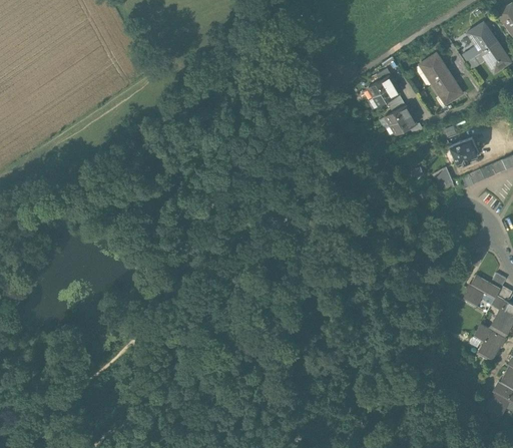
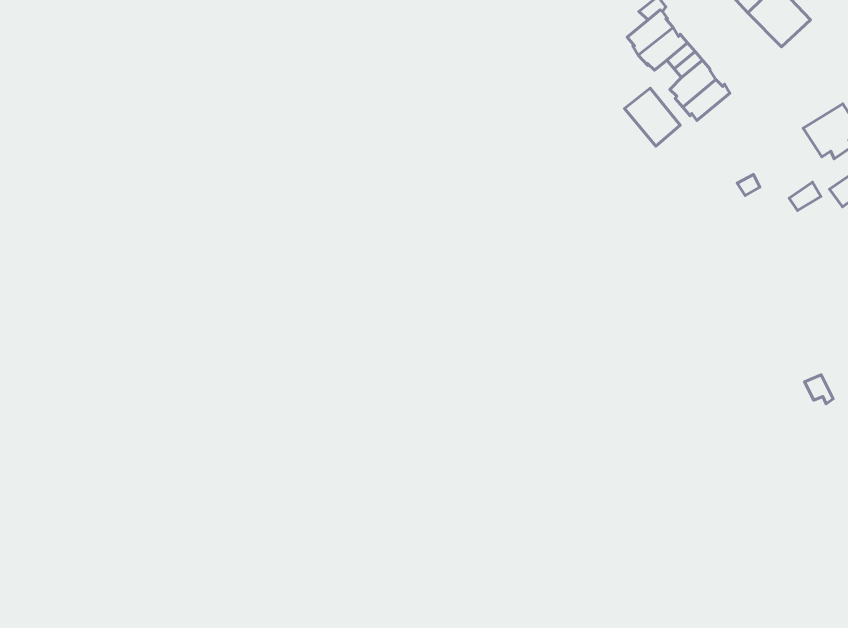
building: none -> [624,88,680,146]

